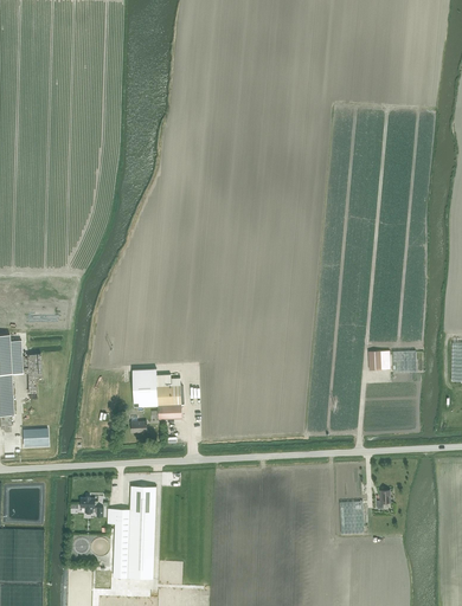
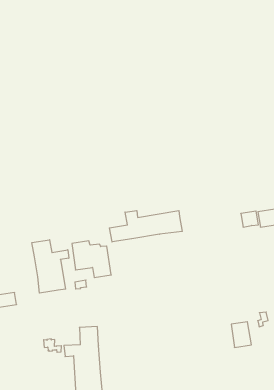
building: none -> [109,211,182,242]
building: none -> [32,240,69,293]

